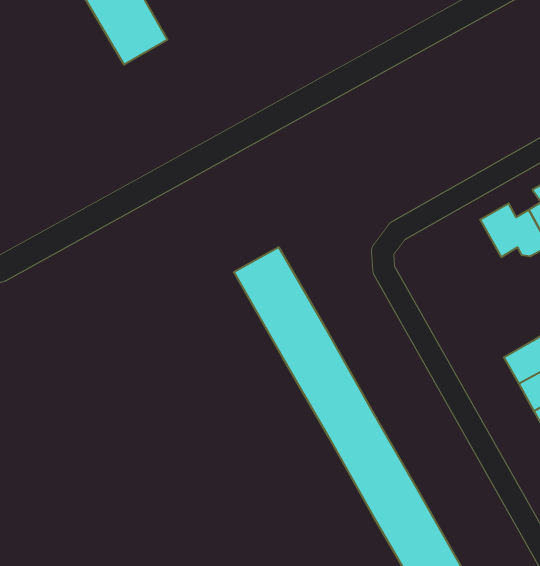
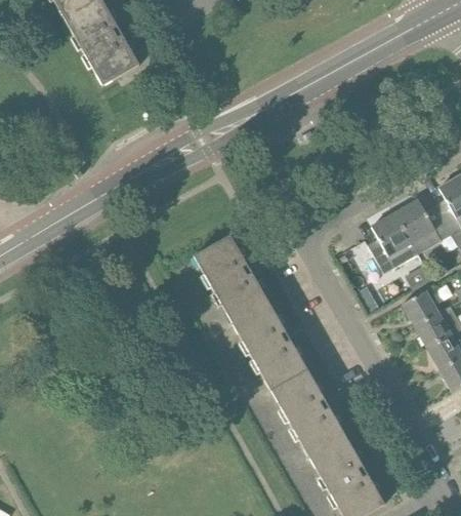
building: none -> [372,212,418,273]
building: none -> [402,289,438,325]

